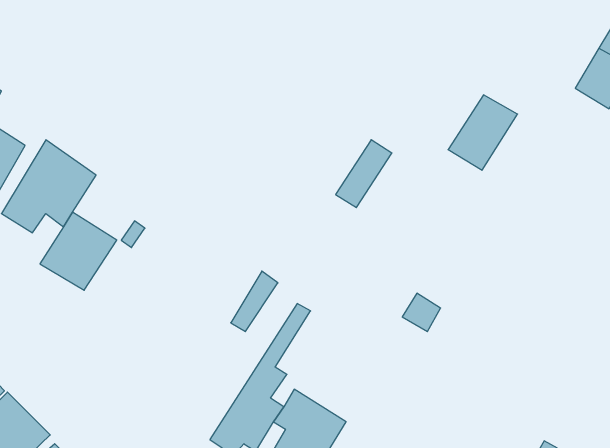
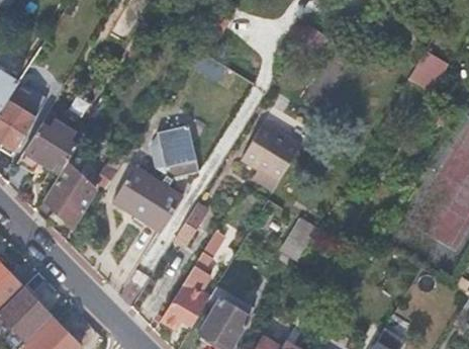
building: [448,95,518,170] -> [260,123,307,175]
building: none -> [113,128,199,232]

